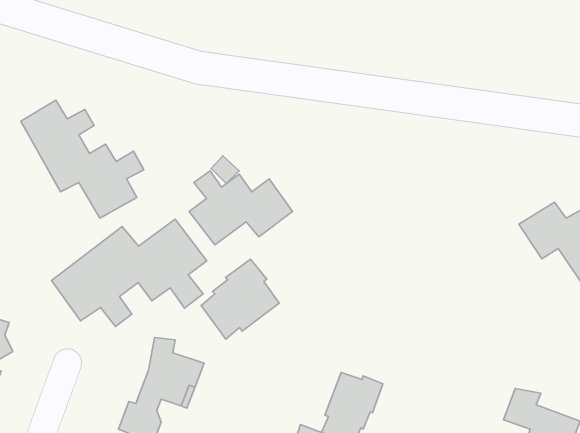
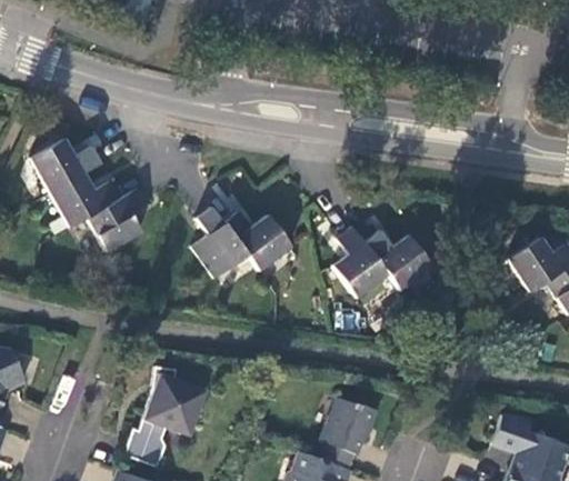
building: none -> [333,226,432,297]
building: [51,219,207,326] -> none
building: [201,259,279,339] -> none

